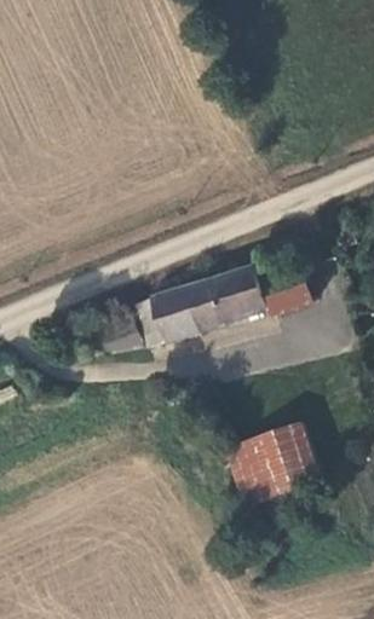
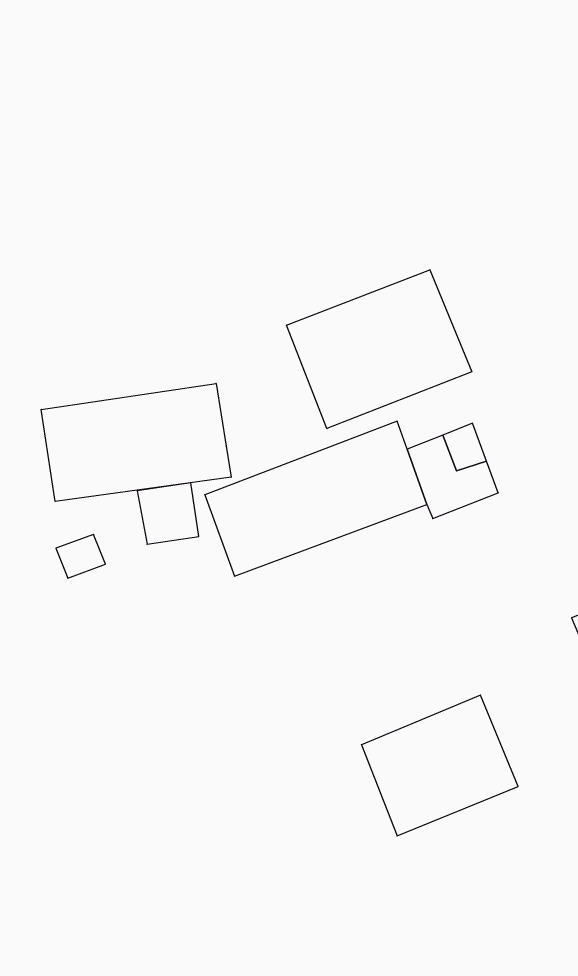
building: none -> [287,270,472,429]
building: none -> [41,383,231,501]

